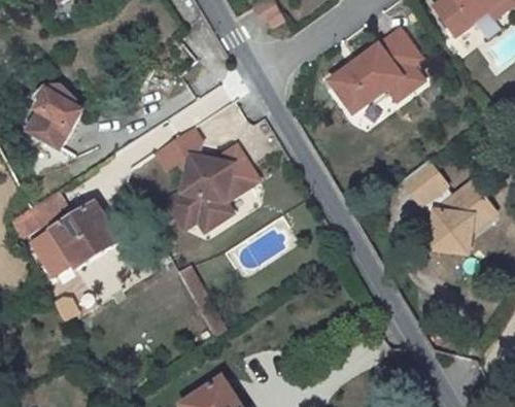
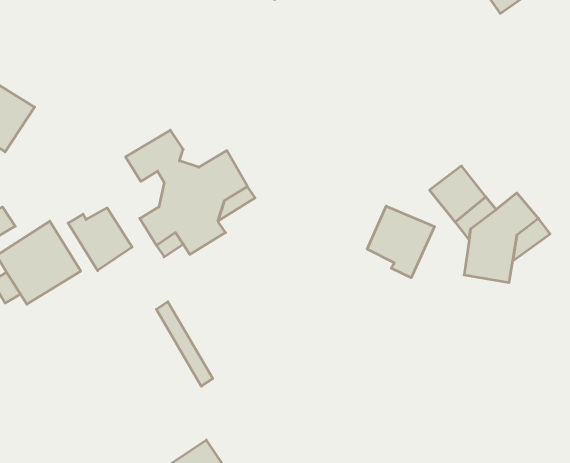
building: [329,29,422,113] -> none
building: none -> [367,206,435,278]
building: none -> [68,208,132,271]

